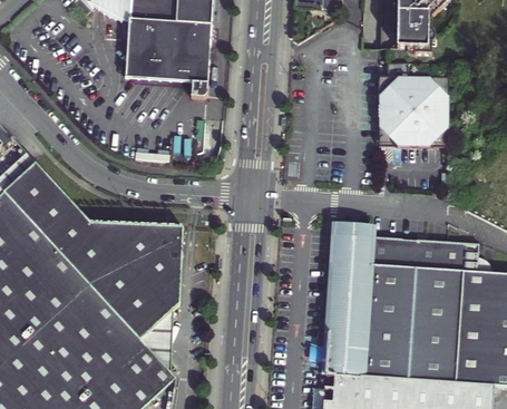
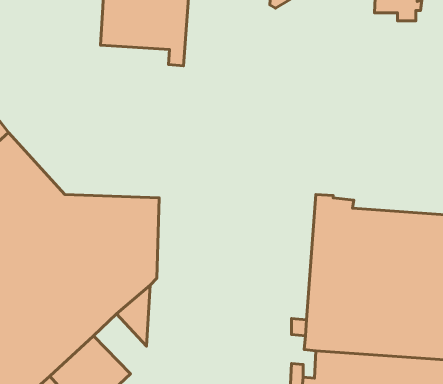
building: [378,75,447,144] -> none
building: [119,339,176,397] -> none

